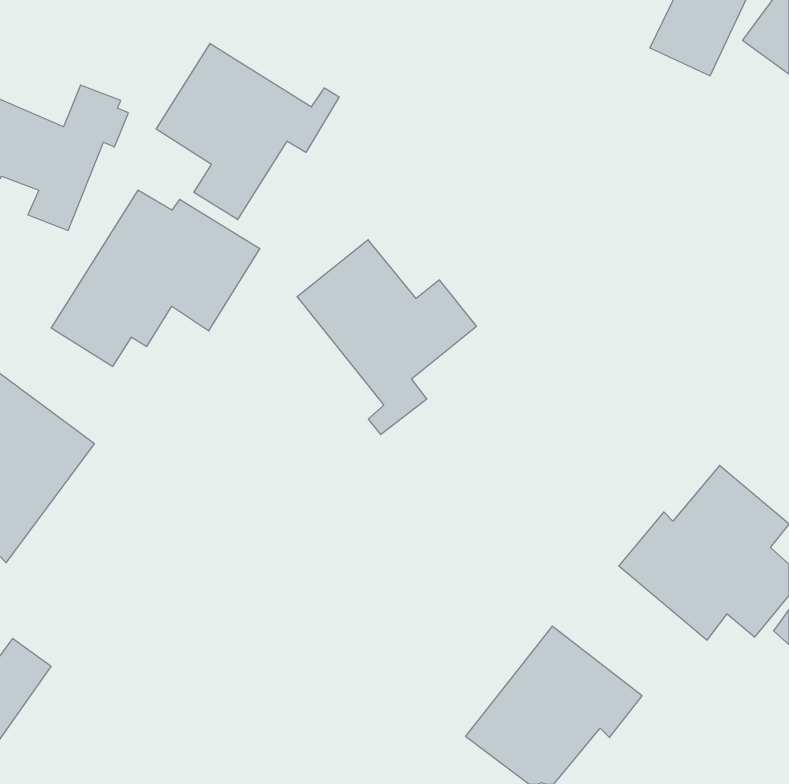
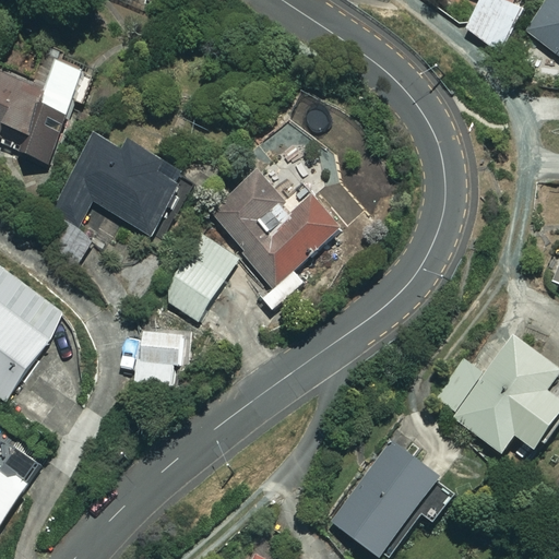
building: [156,43,339,220] -> none
building: none -> [162,234,236,318]
building: none -> [132,326,181,384]

